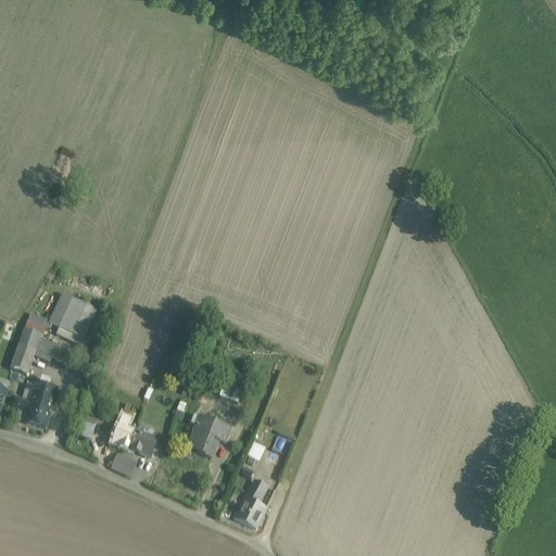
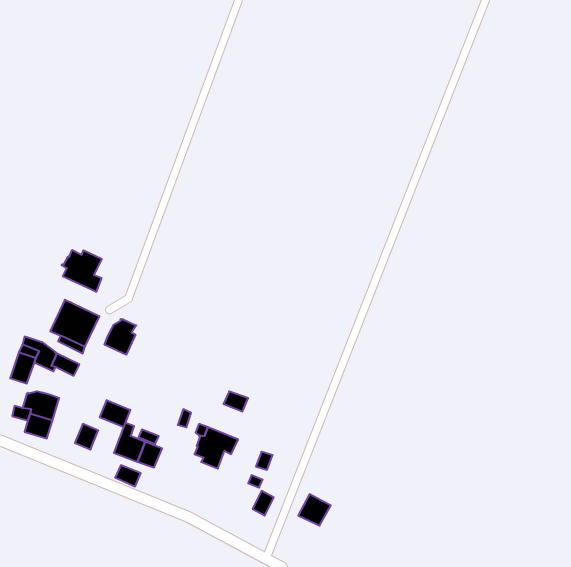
building: none -> [62,250,102,292]
building: none -> [105,319,136,355]
building: none -> [100,400,130,427]
building: [235,494,266,525] -> [298,494,331,526]

